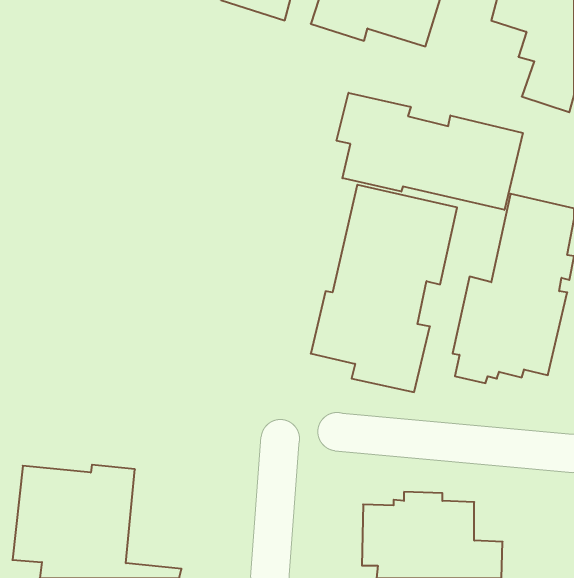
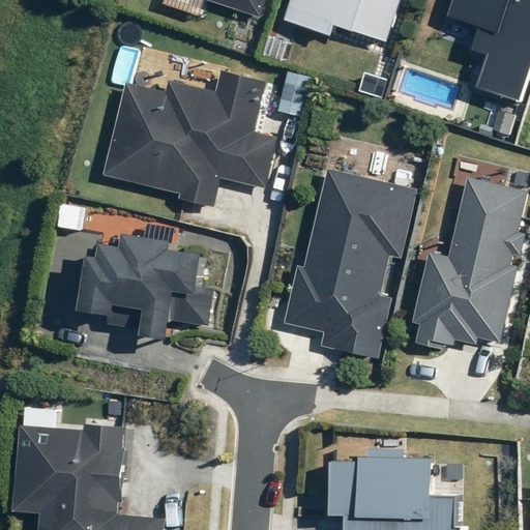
building: none -> [101,71,275,206]
building: [337,93,523,210] -> none
building: none -> [80,235,213,342]

